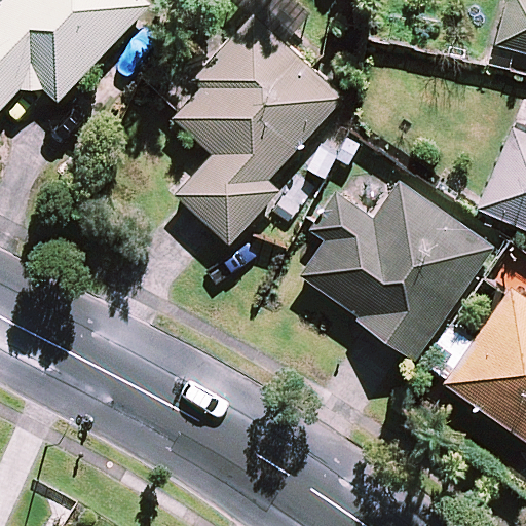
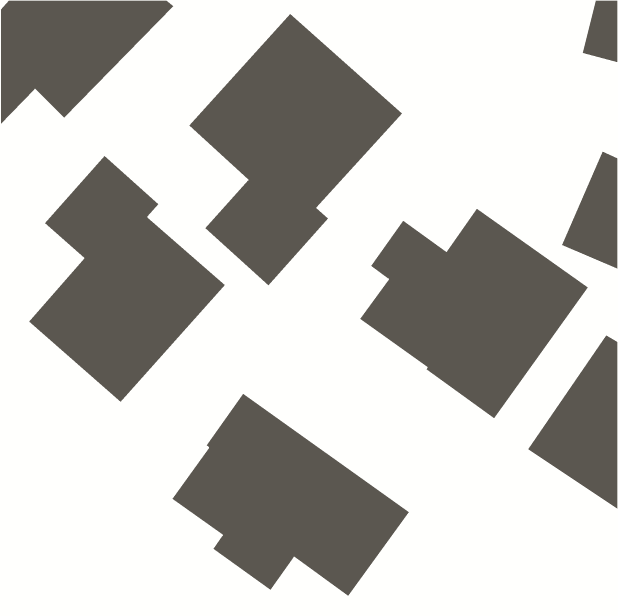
building: none -> [28,155,226,403]
building: none -> [171,393,410,597]

